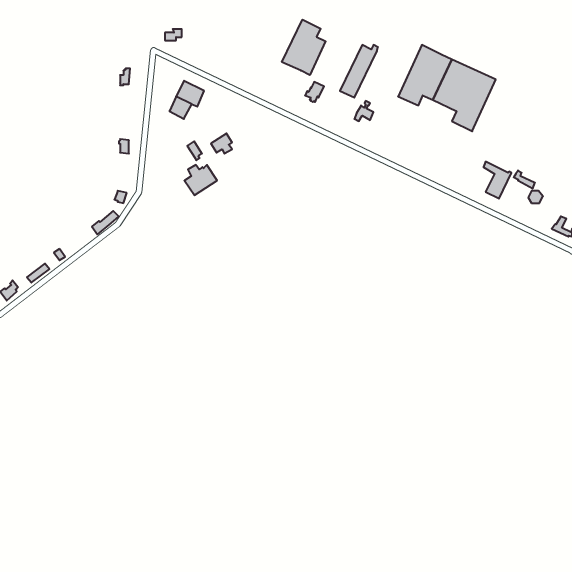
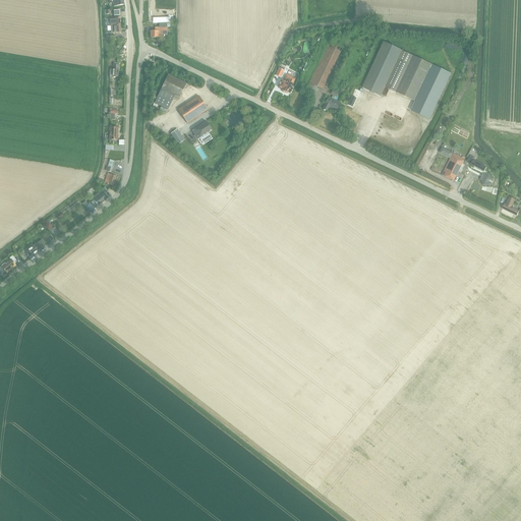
building: [282,20,326,75] -> none
building: [184,165,217,195] -> [177,95,207,122]

